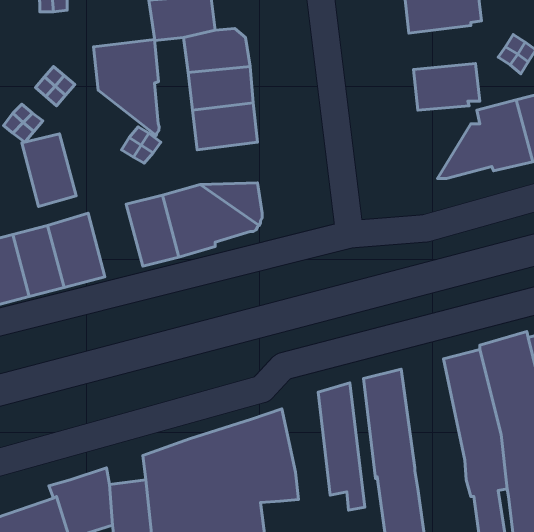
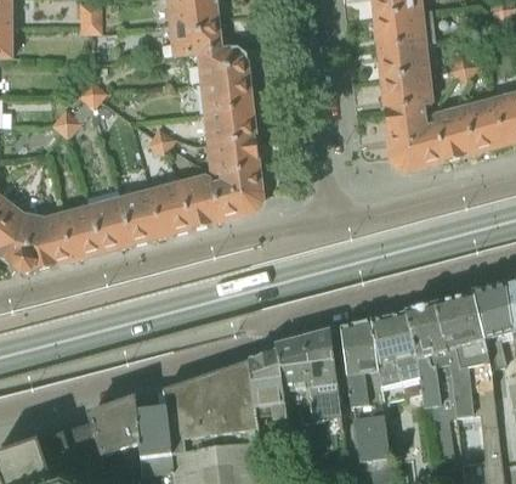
building: none -> [376,44,430,79]
building: [94,40,159,135] -> none
building: none -> [384,108,426,167]
building: [22,134,76,206] -> [119,187,163,246]
building: none -> [206,137,259,171]
building: none -> [370,311,421,403]
building: none -> [274,338,313,422]

